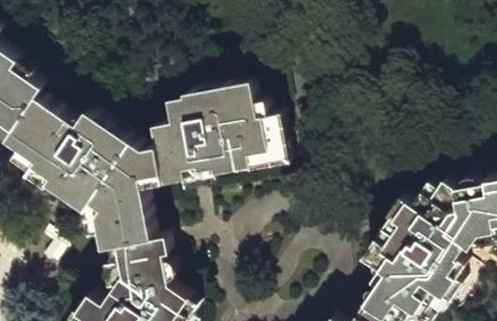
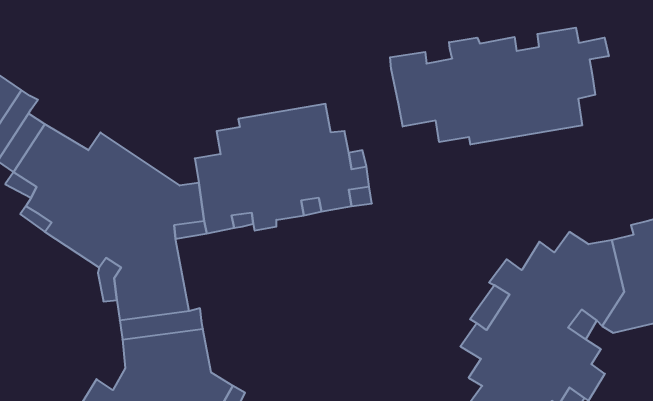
building: none -> [390,28,609,145]

